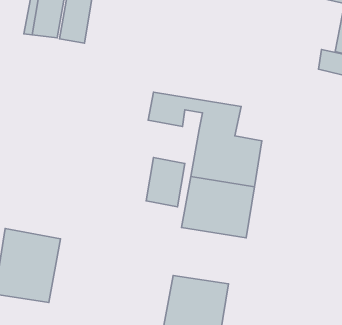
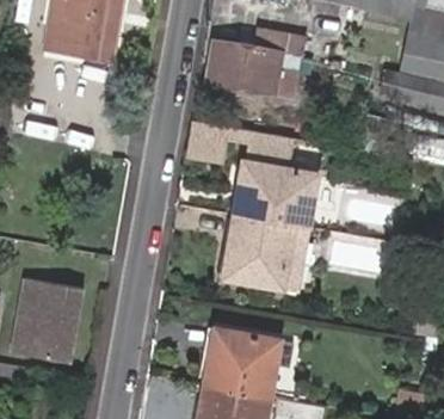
building: none -> [206,30,307,98]
building: [146,158,185,207] -> none

